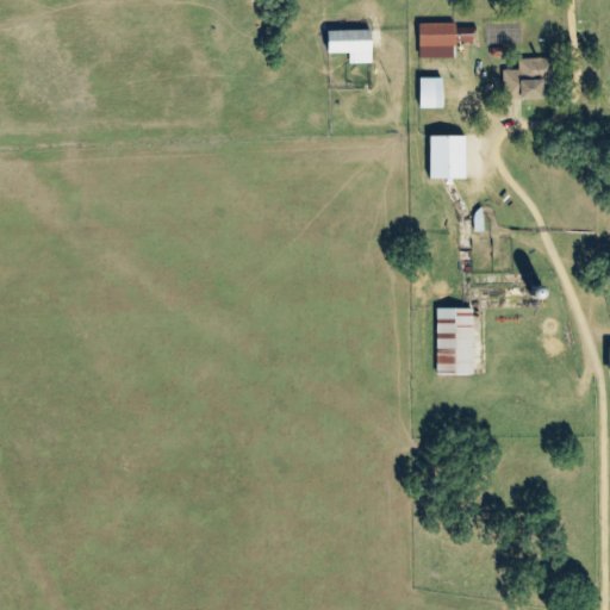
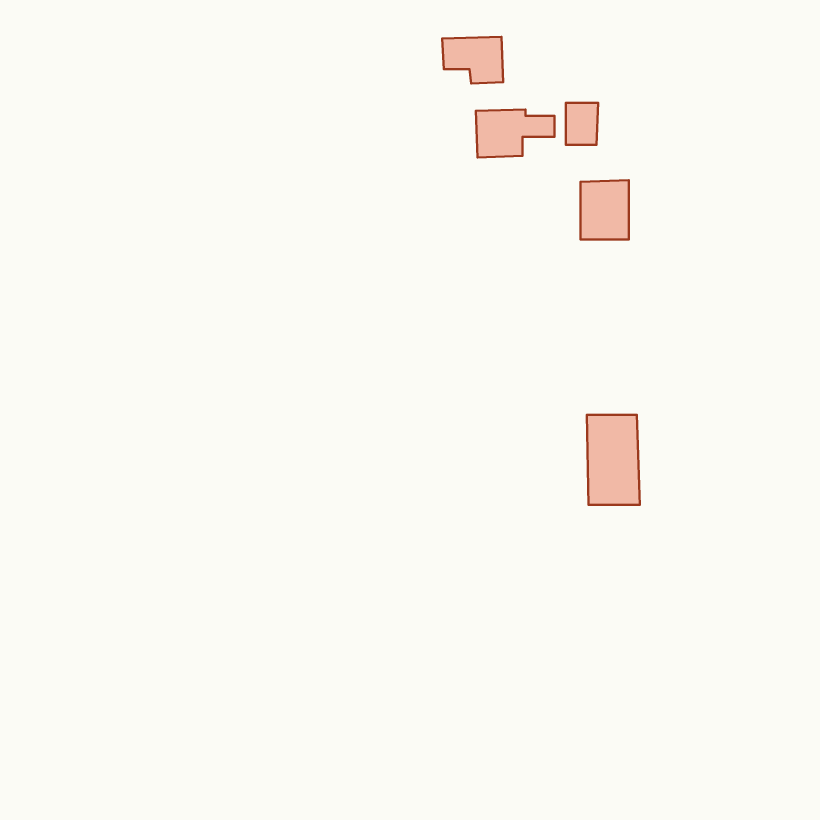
building: [418,21,477,57] -> [476,109,555,158]
building: [502,56,553,99] -> none

